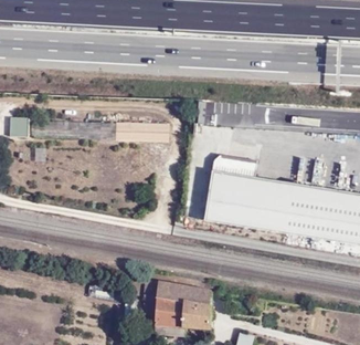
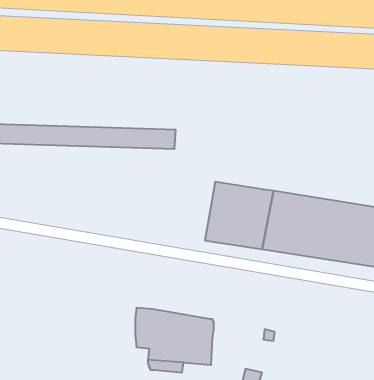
building: [212,154,257,177] -> none

